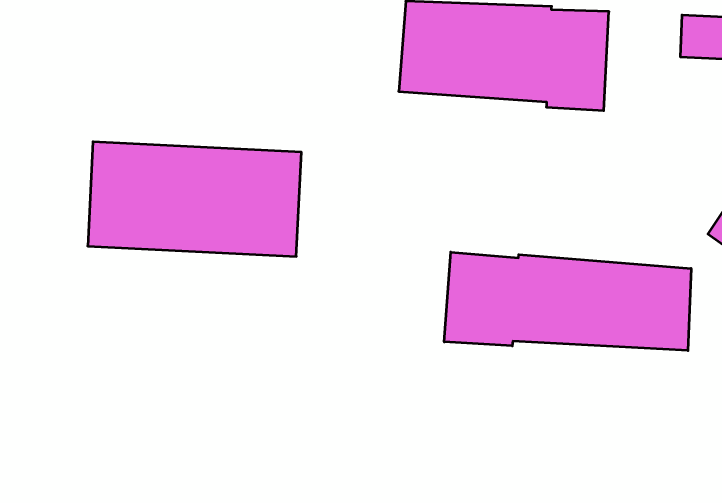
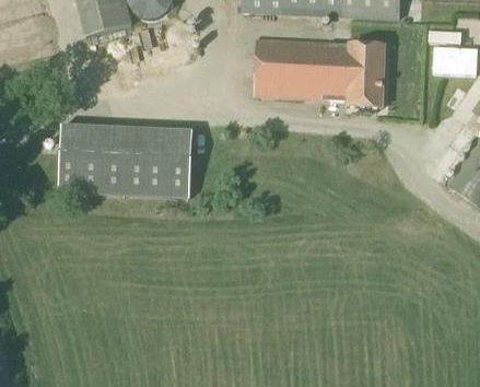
building: [444,252,691,351] -> none

